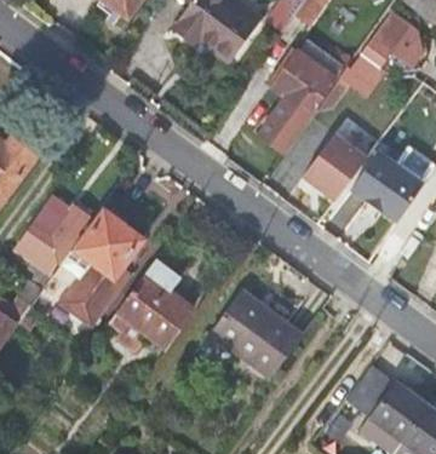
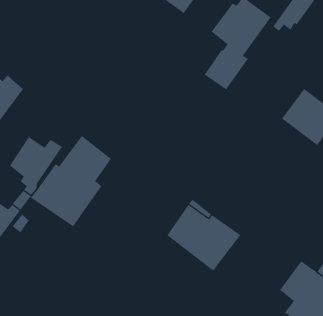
building: [304,132,367,199] -> none
building: [110,259,190,350] -> none

